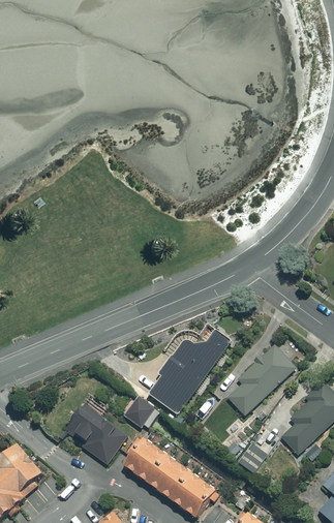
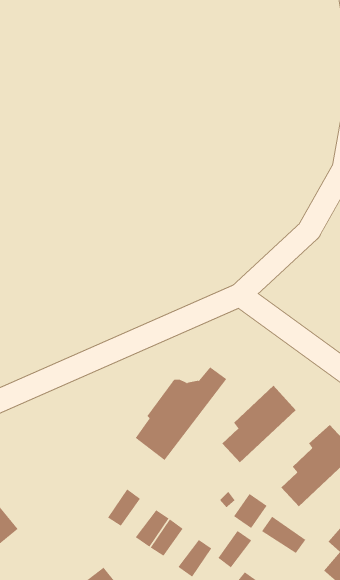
building: [124,395,160,427] -> none
building: [65,402,128,464] -> none
building: [136,448,168,482] -> none
building: none -> [261,516,306,554]
building: [175,474,206,509] -> [217,530,252,568]

